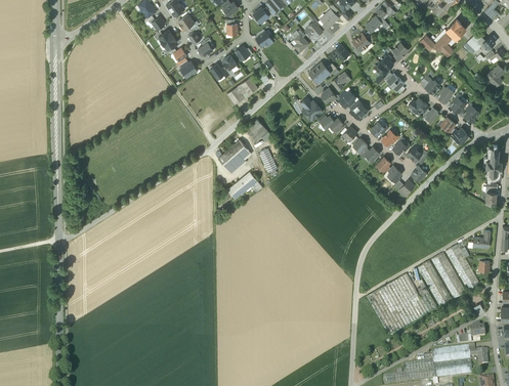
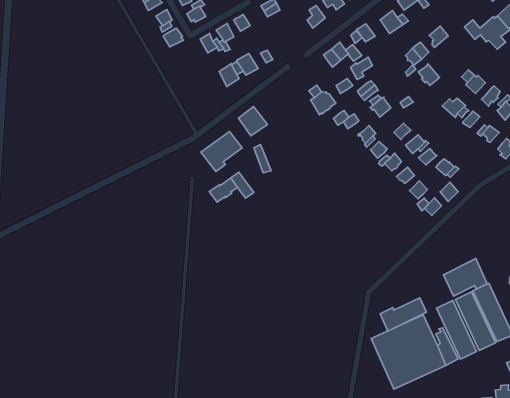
building: none -> [444,259,487,296]
building: none -> [380,298,427,331]

